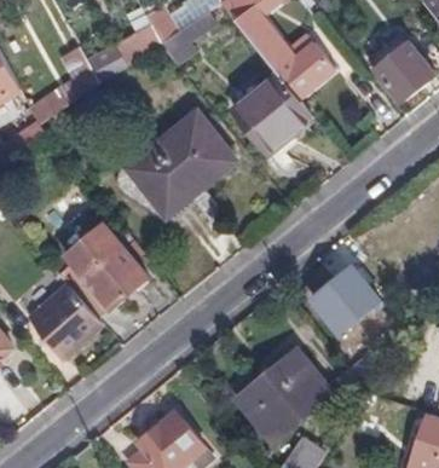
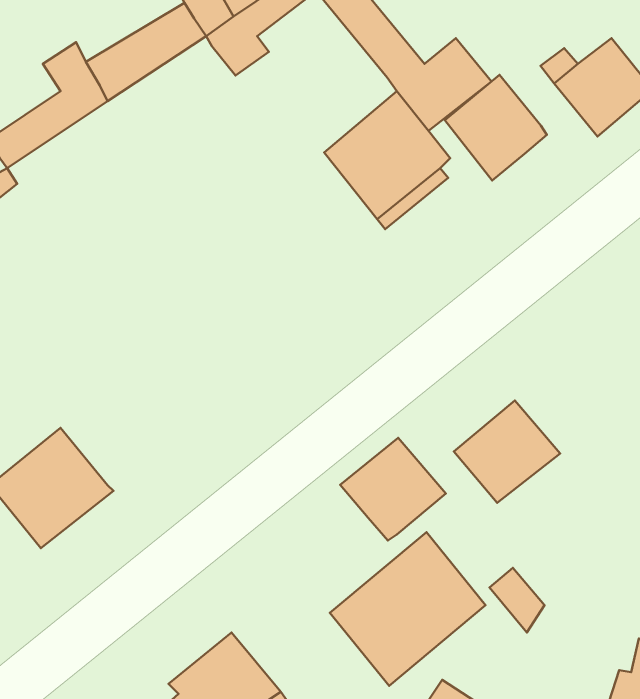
building: none -> [445,75,547,181]
building: [131,114,236,216] -> none
building: [63,226,149,318] -> none
building: none -> [340,438,446,541]

